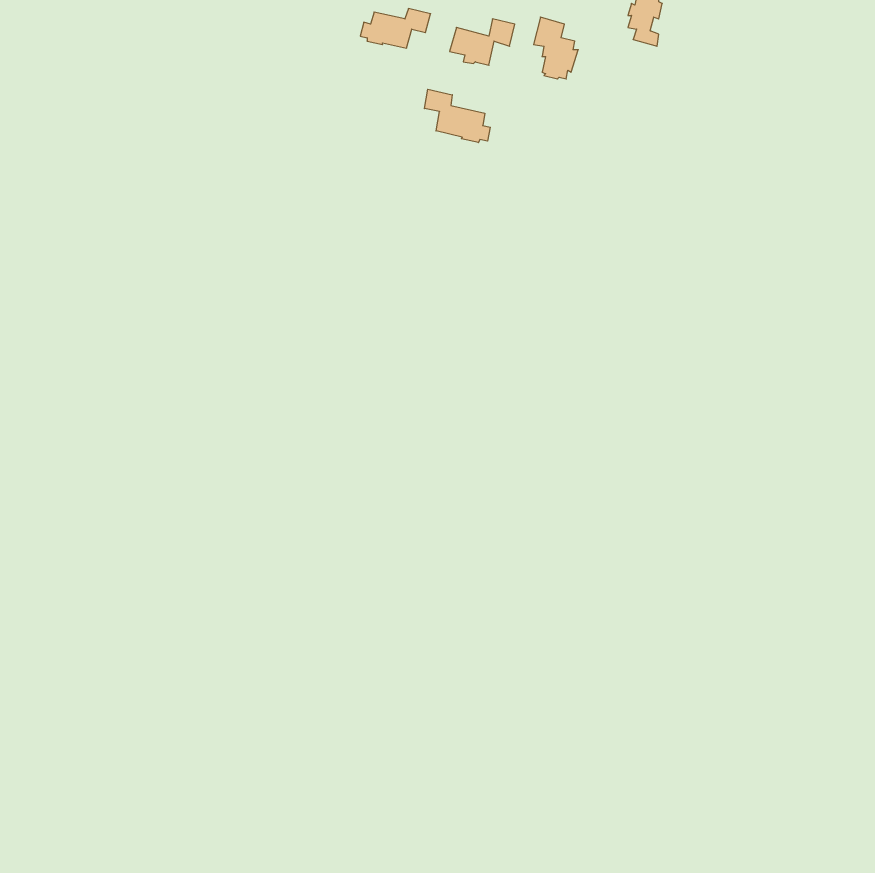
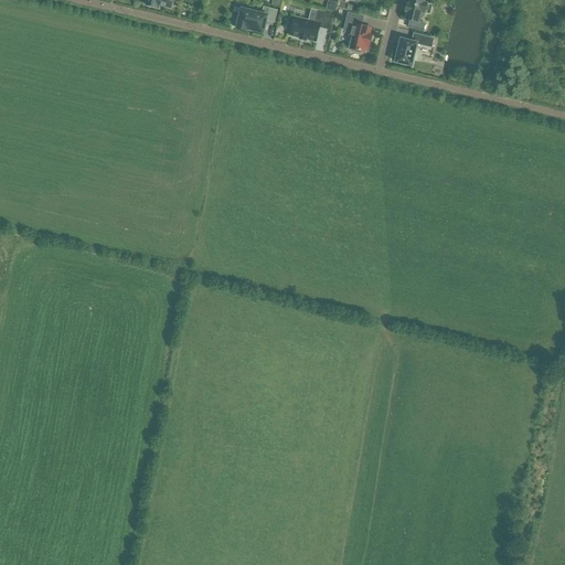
building: none -> [394,32,433,65]
building: [424,89,490,143] -> none

